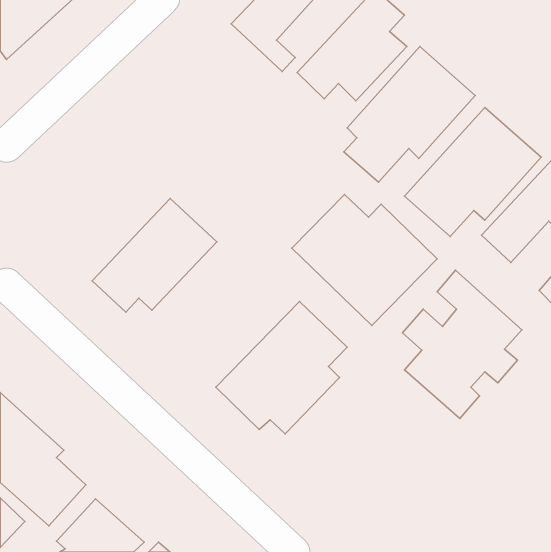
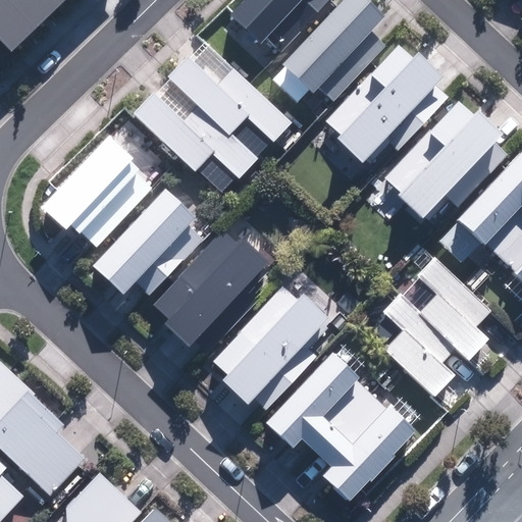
building: none -> [134,53,291,186]
building: none -> [41,120,167,244]
building: [292,195,437,325] -> none
building: none -> [153,225,264,348]
building: none -> [265,355,414,502]

